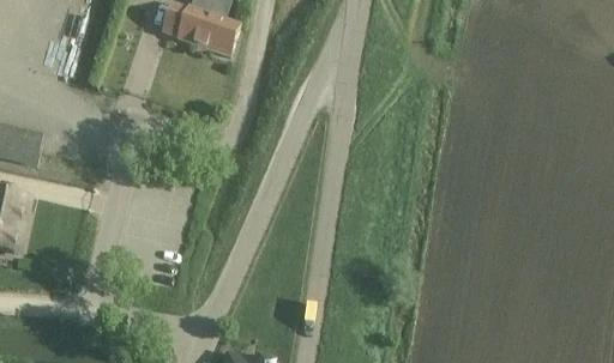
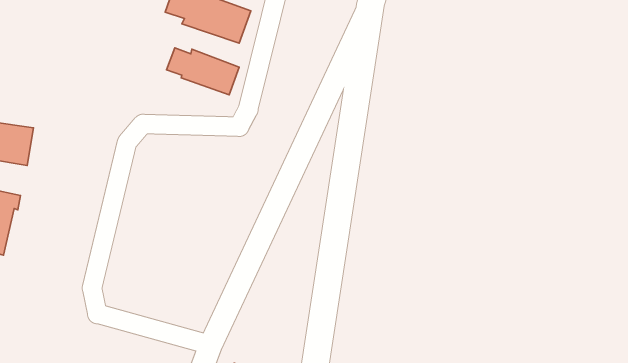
building: none -> [167,48,239,95]

